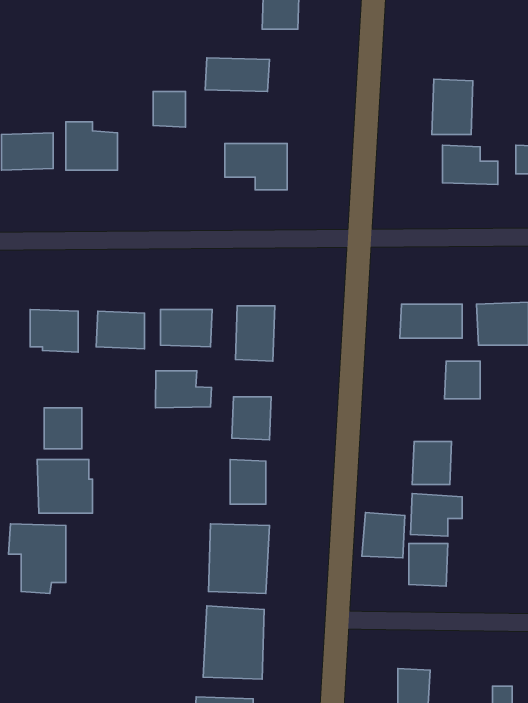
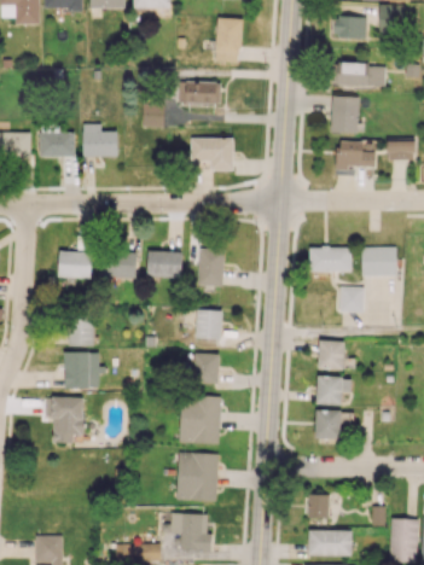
building: none -> [331,64,385,86]
building: [156,371,211,408] -> none
building: [362,512,405,558] -> none

